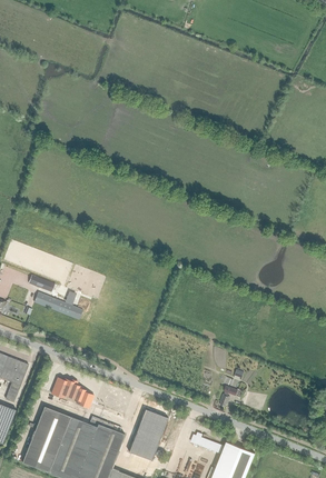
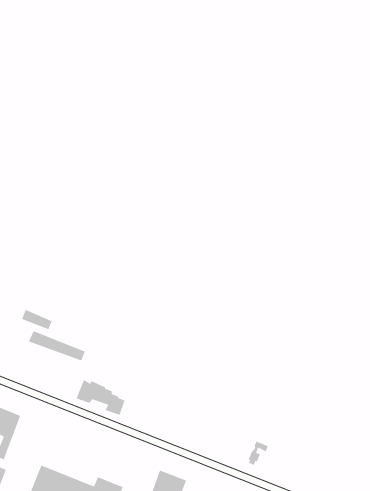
building: [50,377,92,408] -> [75,379,126,416]

